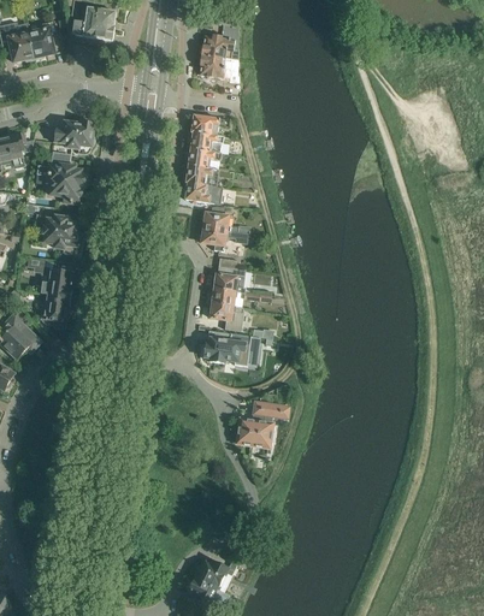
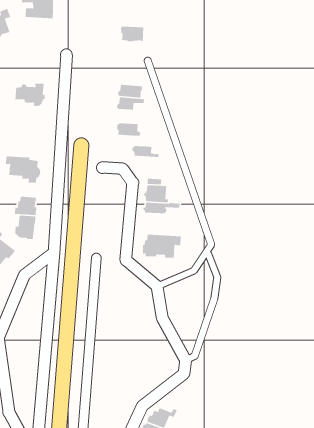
building: [200,35,238,60] -> none
building: [189,114,229,136] -> none
building: [36,153,89,205] -> none
building: [183,165,232,186] -> none
building: [199,227,247,251] -> none
building: [208,303,243,331] -> none
building: [236,401,282,446] -> none

